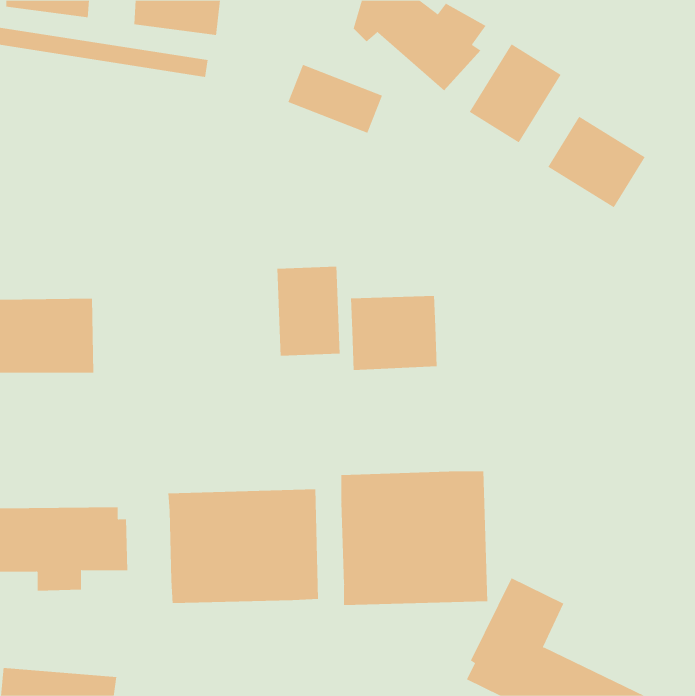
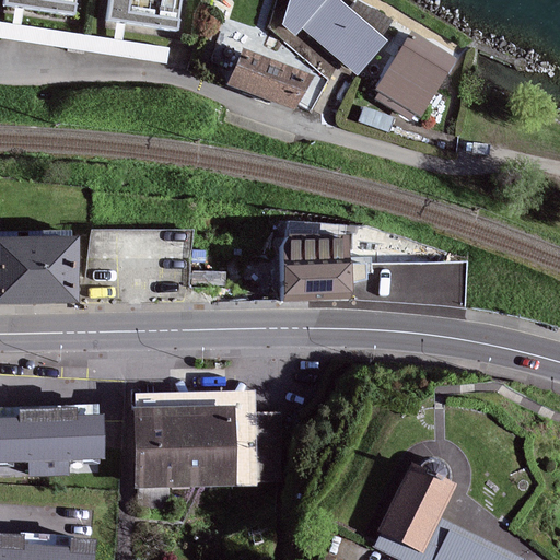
building: [547,116,645,208] -> none
building: [277,266,340,356] -> none
building: [341,471,488,606] -> none

